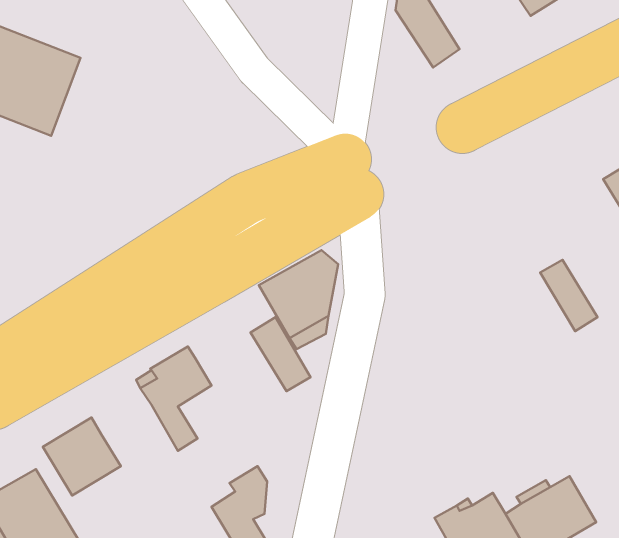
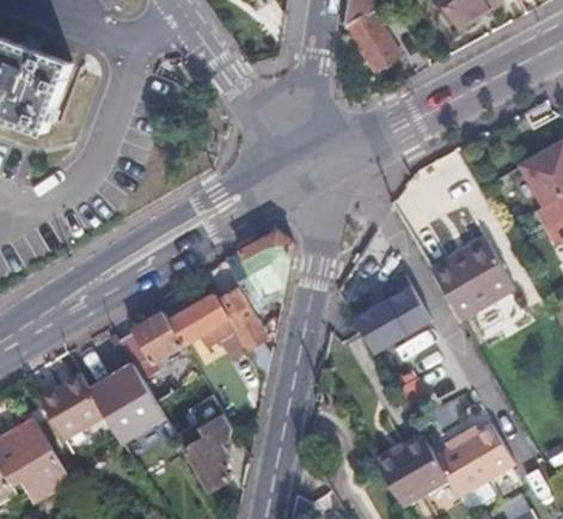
building: none -> [430,249,495,319]
building: none -> [355,275,432,353]
building: none -> [169,295,247,360]
building: none -> [88,362,164,442]

